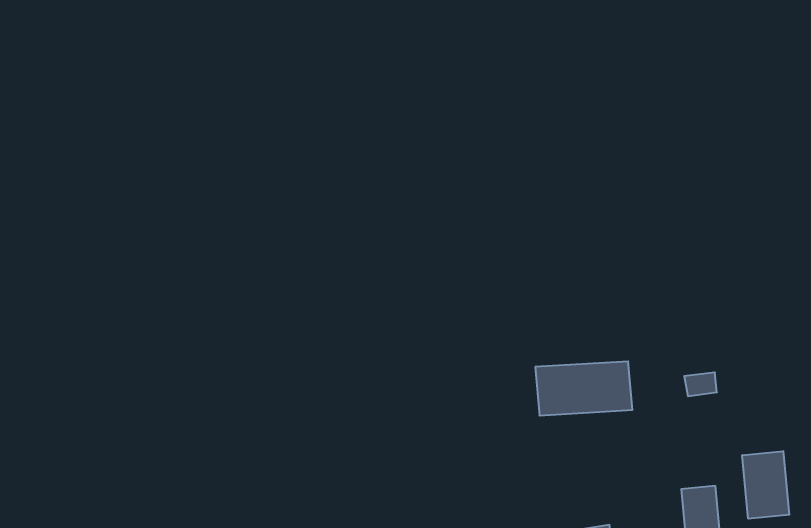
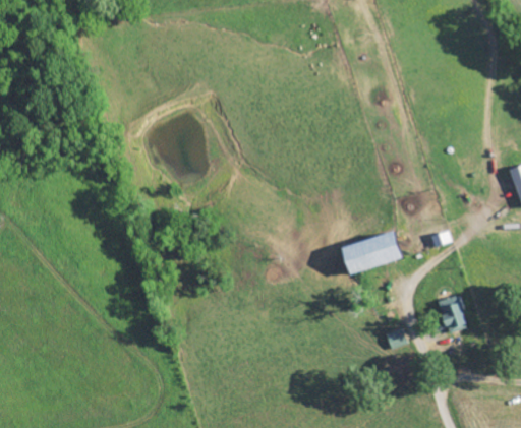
building: [742,451,789,519] -> none

